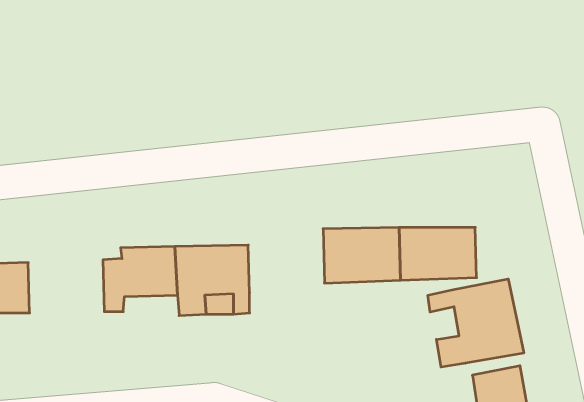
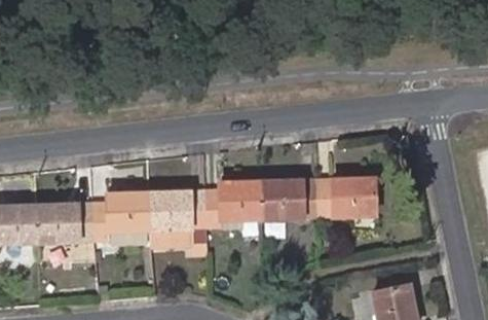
building: none -> [204,180,262,228]
building: none -> [38,204,96,244]
building: [428,279,524,367] -> none

